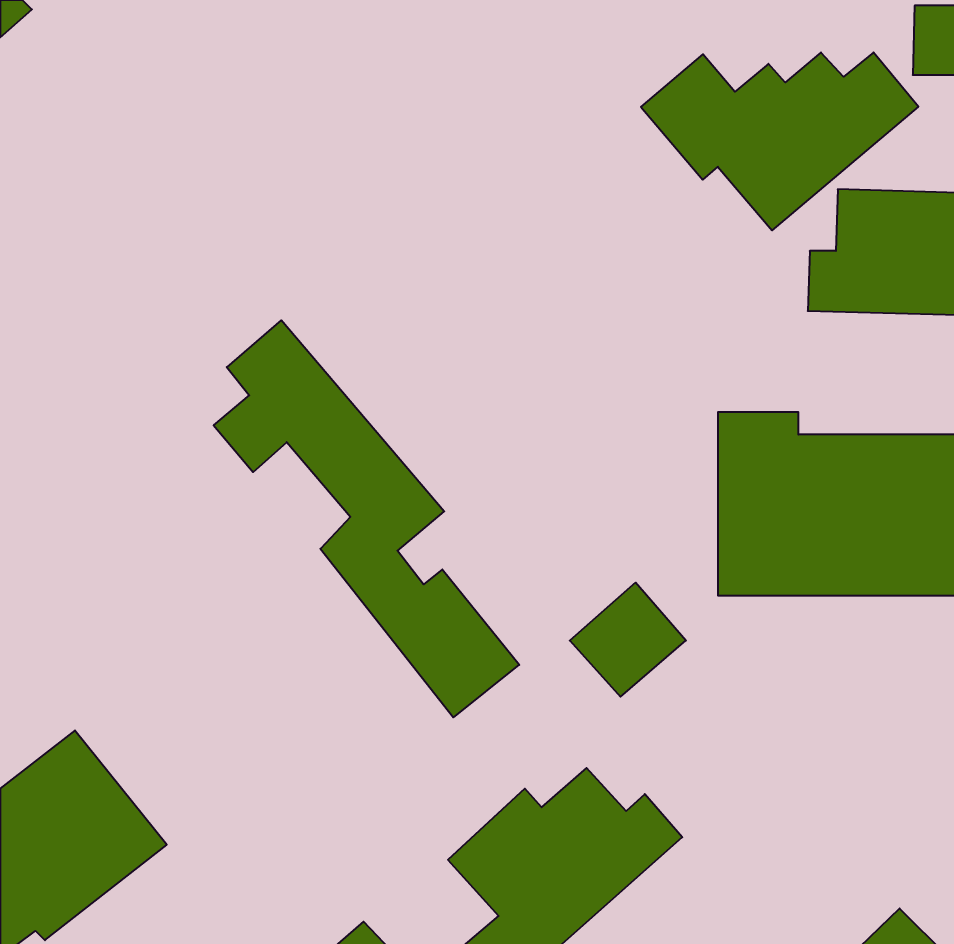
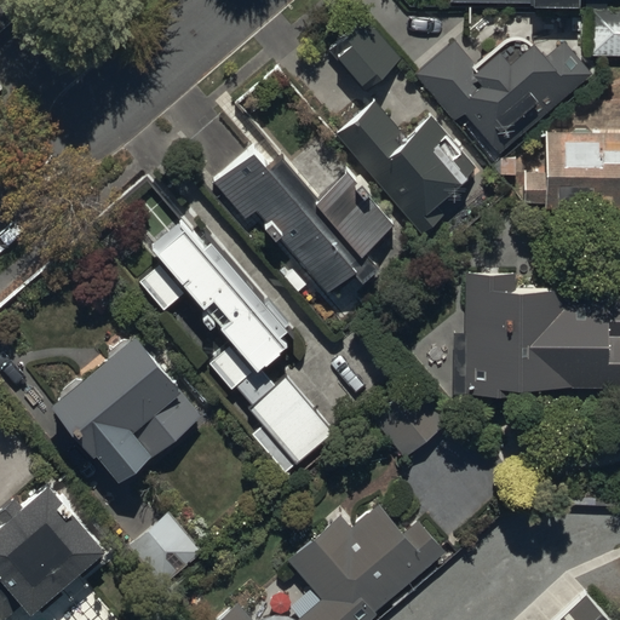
building: none -> [332,22,397,90]
building: none -> [335,102,476,232]
building: none -> [216,138,398,293]
building: none -> [53,335,200,481]

